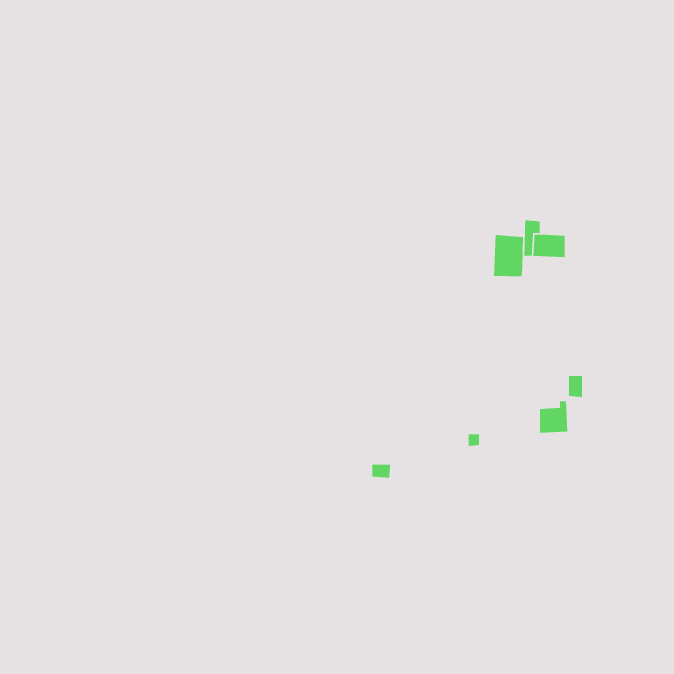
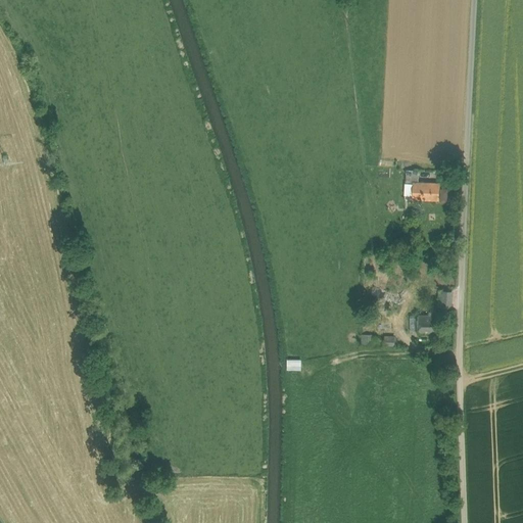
building: [493,234,524,277] -> none

